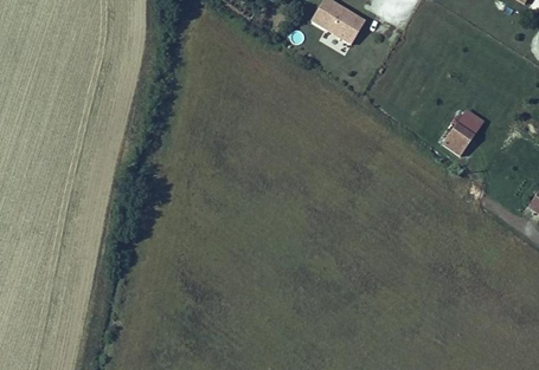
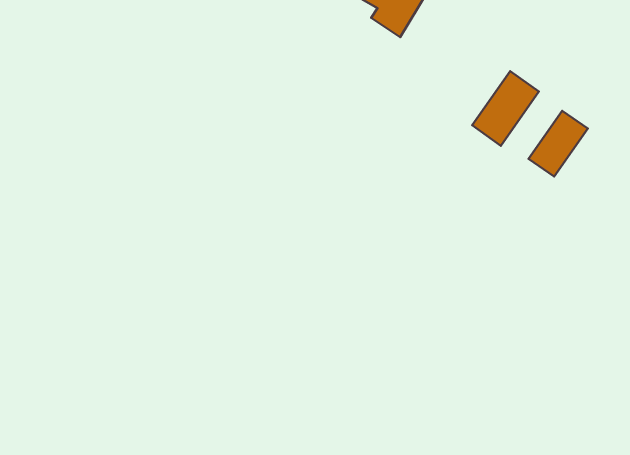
building: none -> [472,71,539,146]

